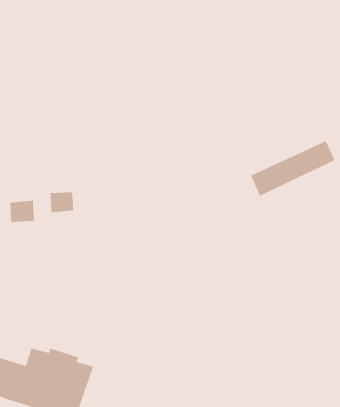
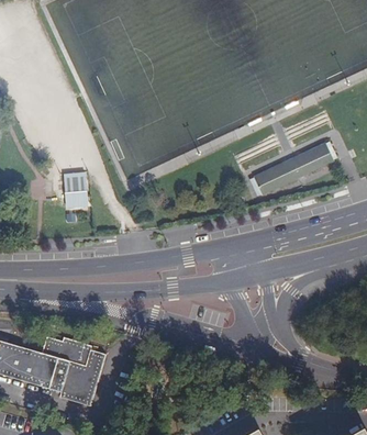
building: [9,200,35,222] -> [62,170,86,191]

